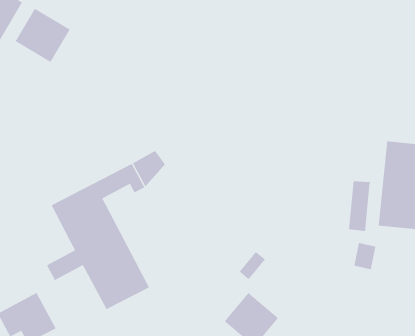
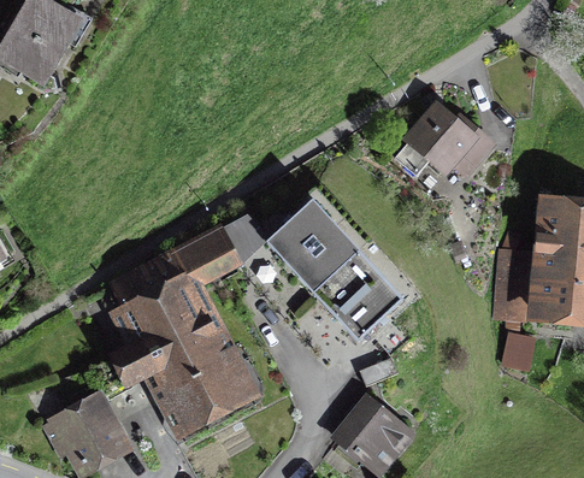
building: [15,8,70,63] -> none
building: none -> [396,108,490,175]
building: none -> [269,201,403,340]

